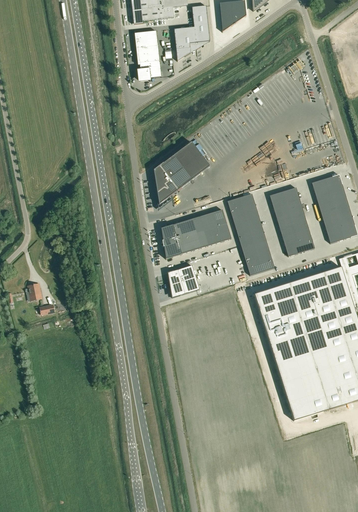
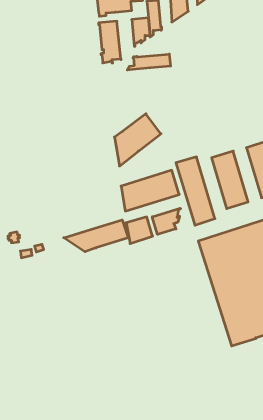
building: none -> [127,54,171,70]
building: none -> [152,208,180,234]
building: none -> [64,220,128,252]

